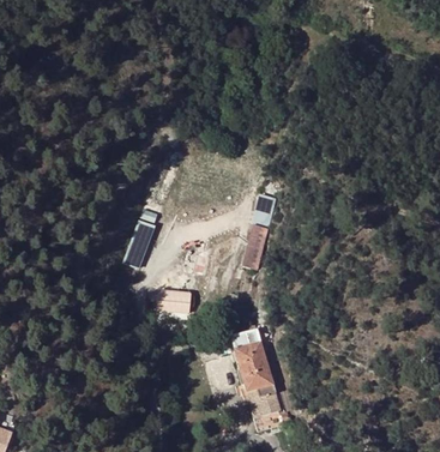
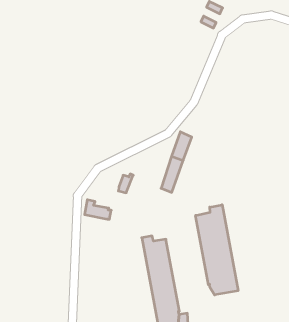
building: [121,219,153,267] -> none
building: none -> [196,205,238,295]

